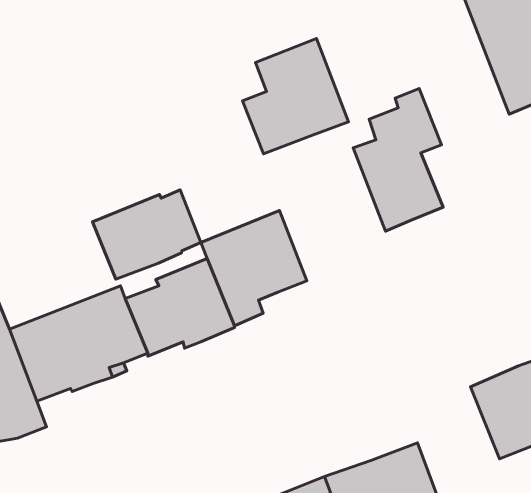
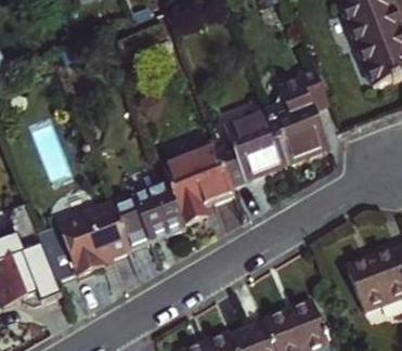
building: [243,38,349,154] -> [217,105,288,183]
building: [93,190,201,279] -> none

